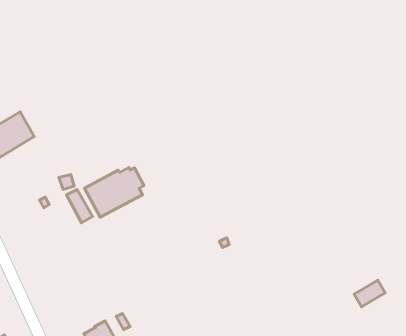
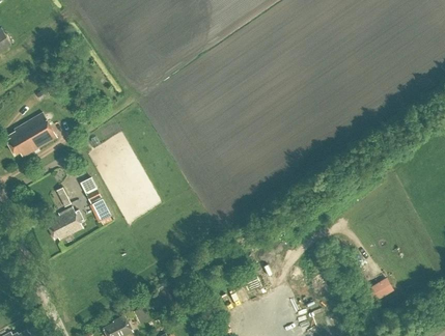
building: [85,168,144,217] -> none
building: none -> [48,206,83,240]

